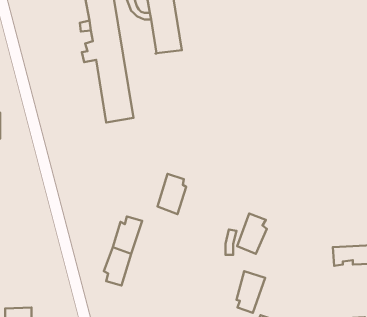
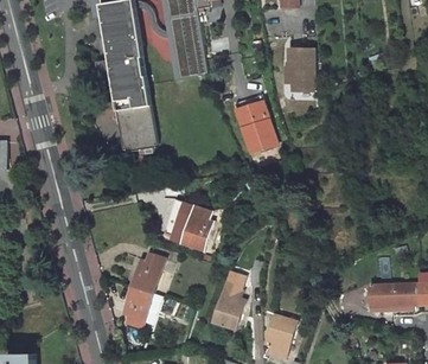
building: none -> [287,50,313,92]
building: none -> [237,101,273,148]
building: [237,213,267,254] -> [212,287,244,331]

